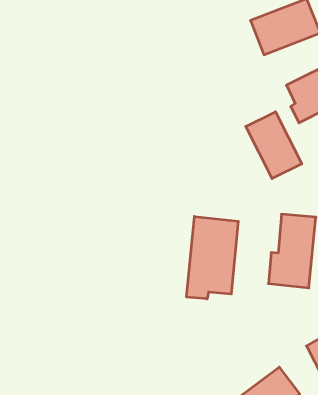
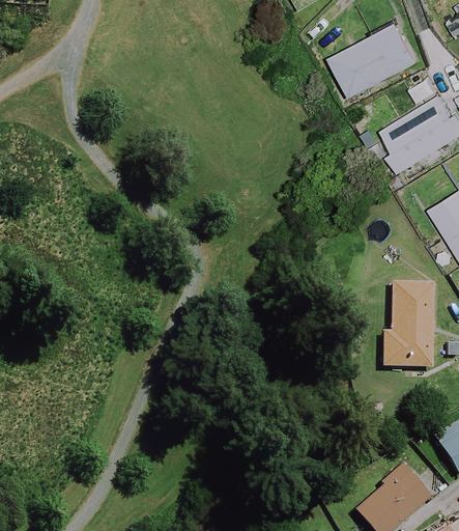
building: [246,112,302,179] -> none
building: [187,216,238,299] -> none

